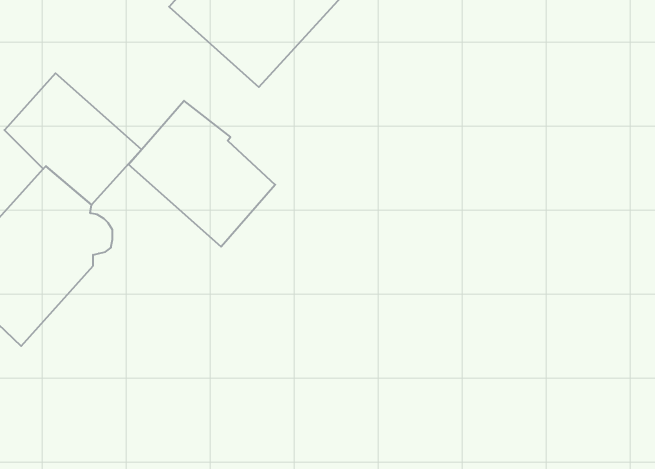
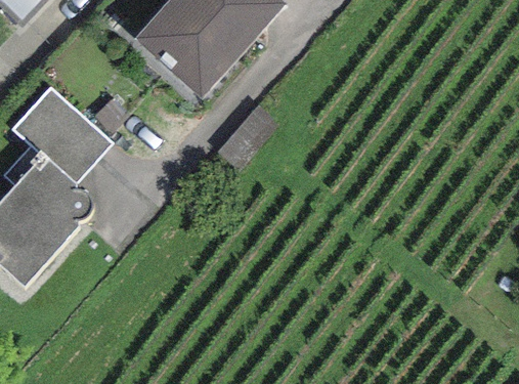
building: [128,101,275,247] -> none

